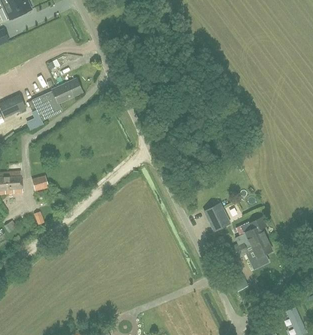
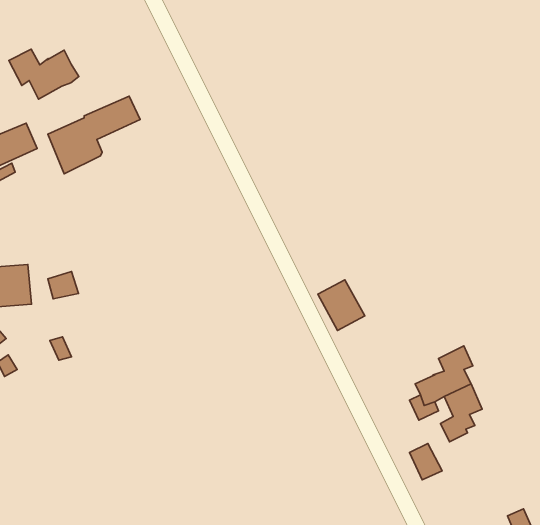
building: none -> [9,49,79,99]
building: [202,203,228,231] -> [318,280,365,330]

